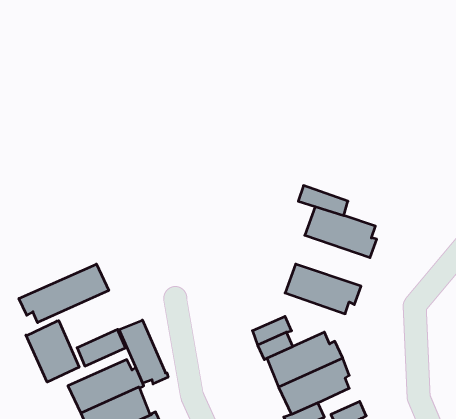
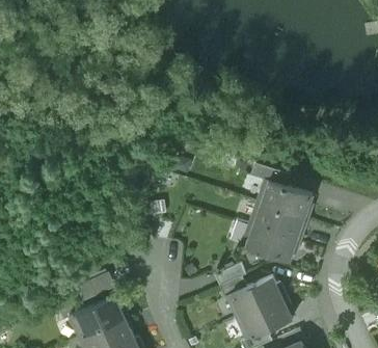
building: none -> [249,197,308,238]
building: [19,264,109,323] -> none
building: [119,320,168,384] -> none
building: [26,321,79,382] -> none

